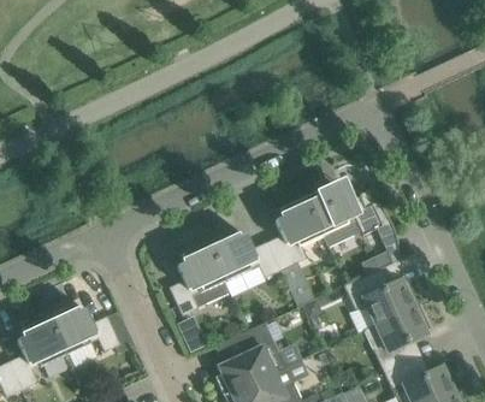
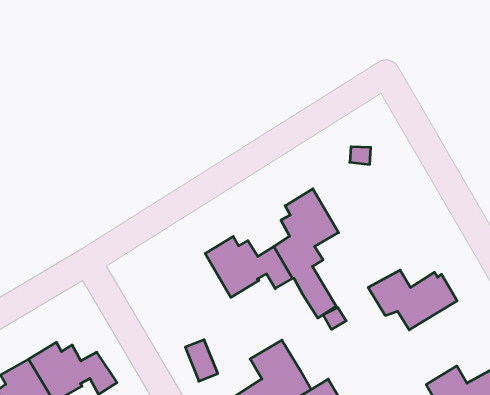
building: [304,185,398,264] -> none
building: [168,242,230,317] -> none
building: [363,305,428,373] -> none

